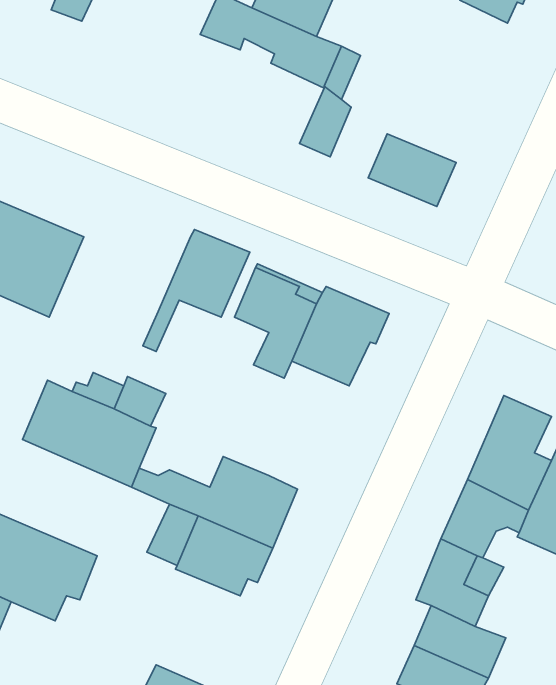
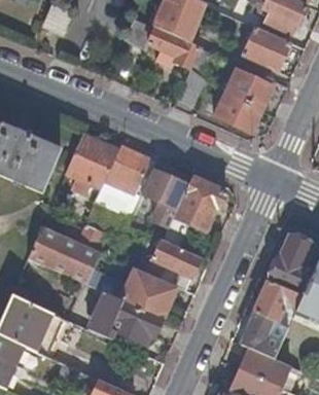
building: none -> [243,27,290,71]
building: none -> [225,70,272,109]
building: none -> [66,134,119,189]
building: none -> [148,239,200,289]

